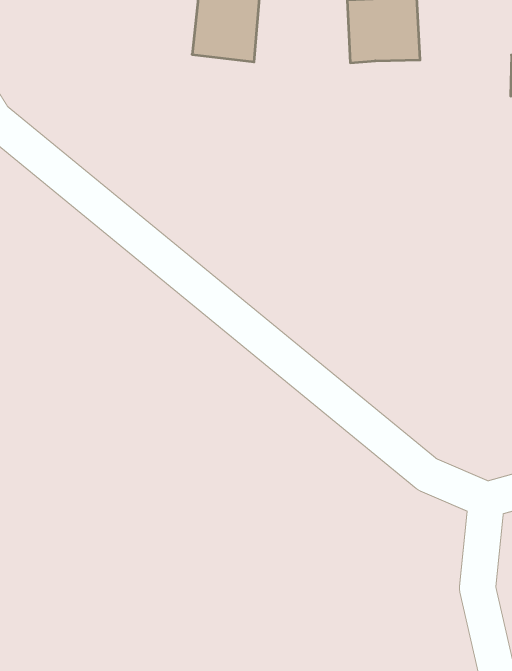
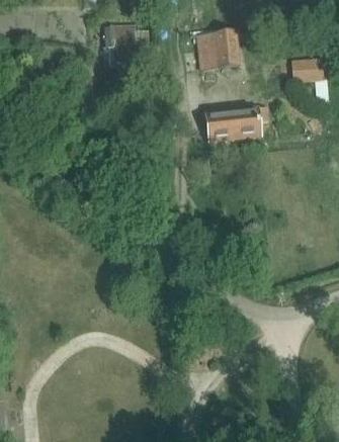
building: none -> [207,105,269,142]

